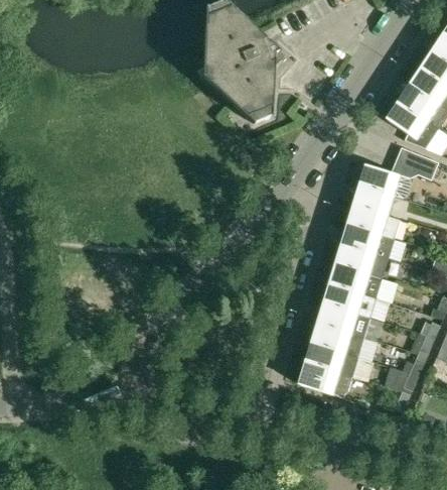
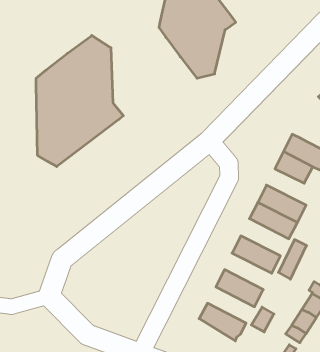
building: none -> [36,35,123,167]
building: [347,204,400,237] -> none
building: [329,262,382,296] -> none
building: [318,302,369,336] -> none
building: [306,342,357,375] -> none

